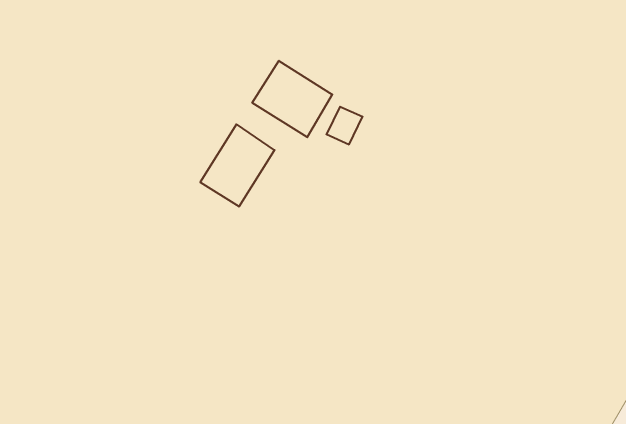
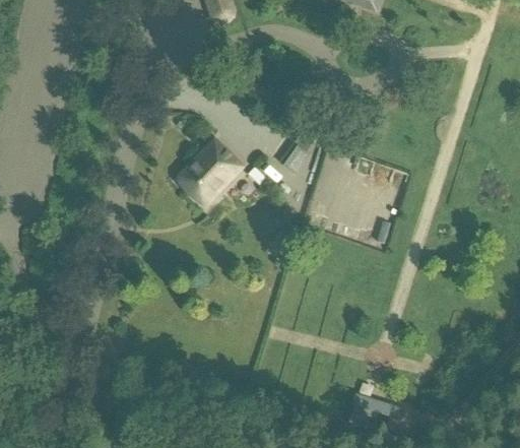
building: [252,61,332,137] -> none

